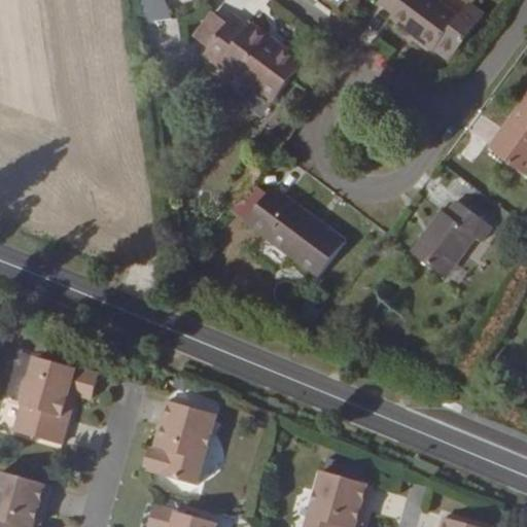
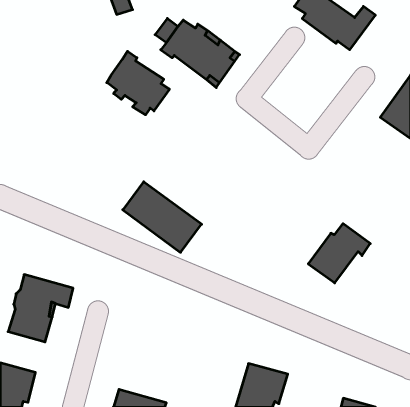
building: none -> [107,51,169,115]
building: [243,188,344,279] -> [123,182,202,252]
building: [415,201,494,277] -> [308,224,370,283]
building: [143,395,214,481] -> none

